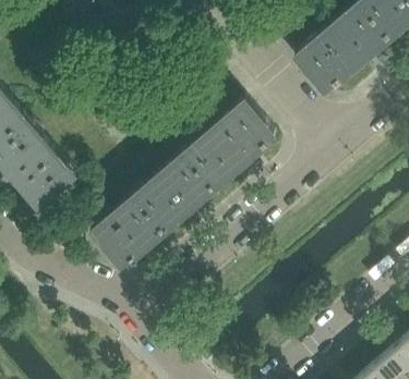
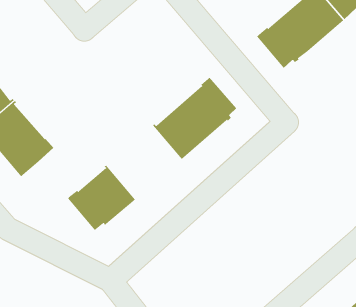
building: [131,154,212,233] -> none

